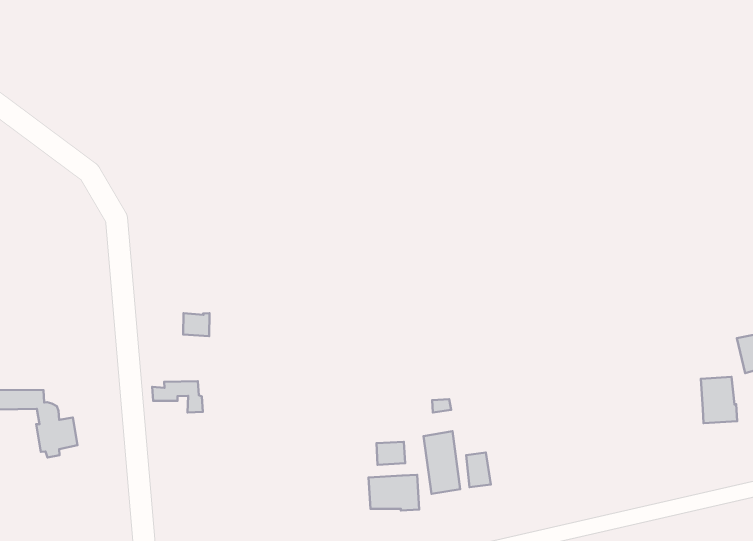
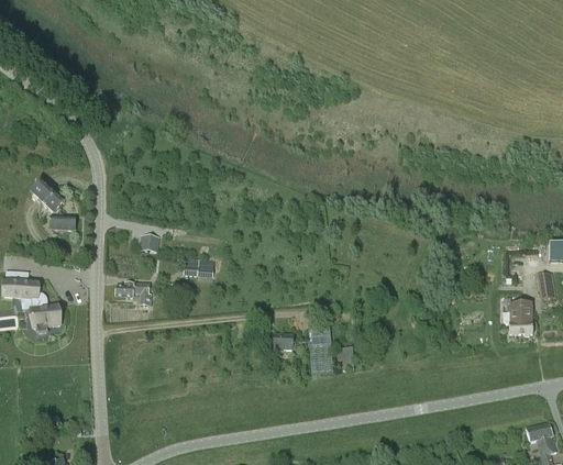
building: none -> [31,181,76,230]
building: none -> [184,258,214,277]
building: [369,475,419,510] -> none

